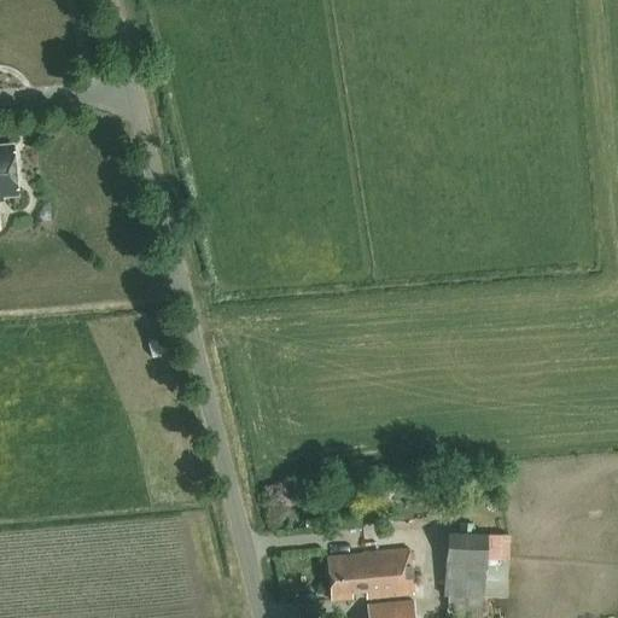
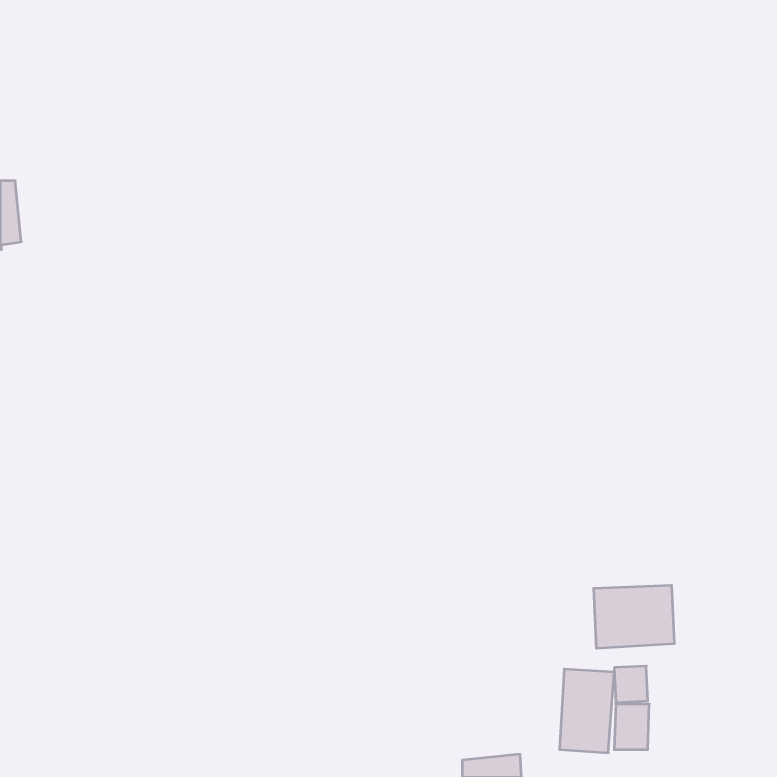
building: none -> [594,585,674,648]
building: [327,549,413,601] -> none

